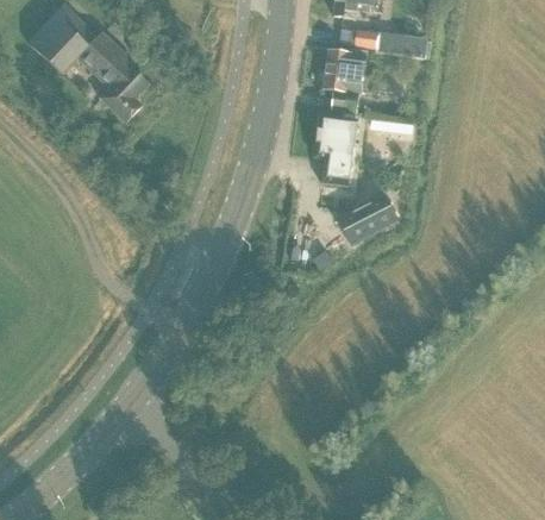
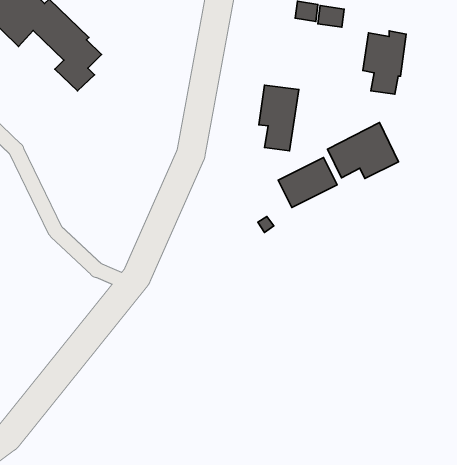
building: [322,46,368,113] -> [363,31,406,94]
building: none -> [327,123,399,179]

